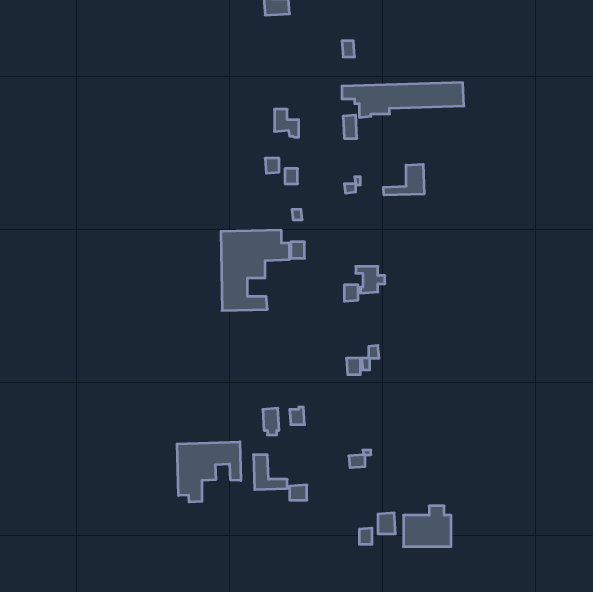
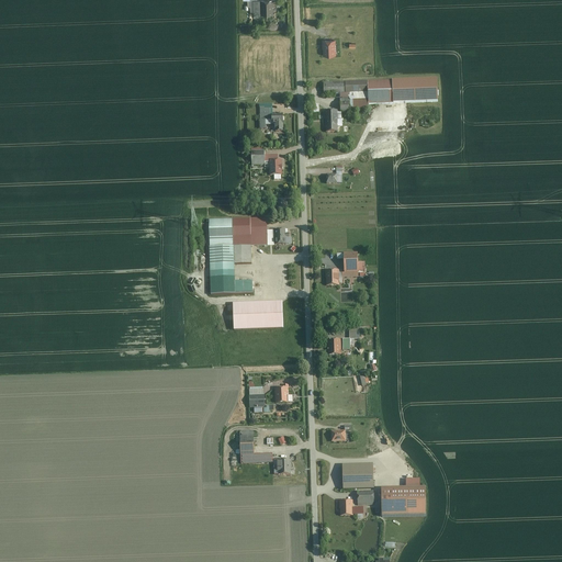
building: [383,164,424,195] -> none
building: none -> [233,299,283,328]
building: [177,442,241,502] -> none
building: none -> [342,463,372,485]

